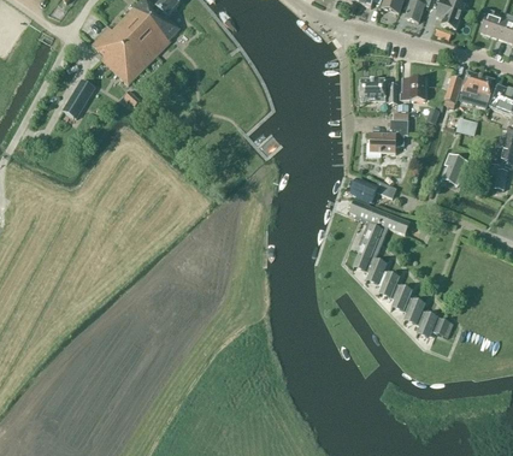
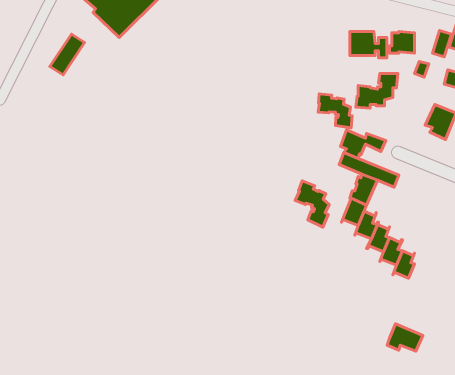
building: none -> [318,94,352,128]
building: none -> [295,181,329,227]
building: [417,310,453,338] -> [387,324,423,351]

